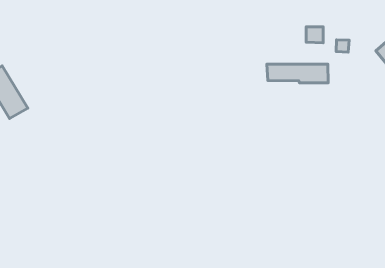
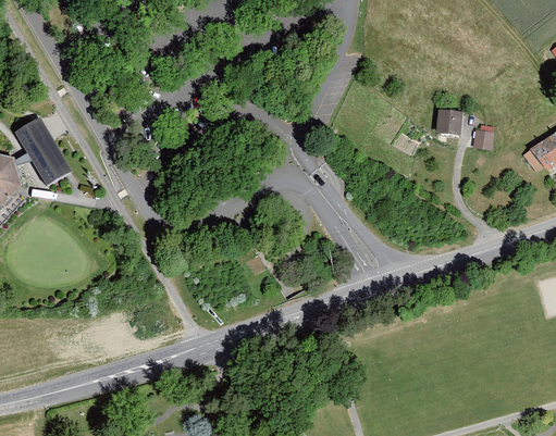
building: [267,64,328,83] -> none

